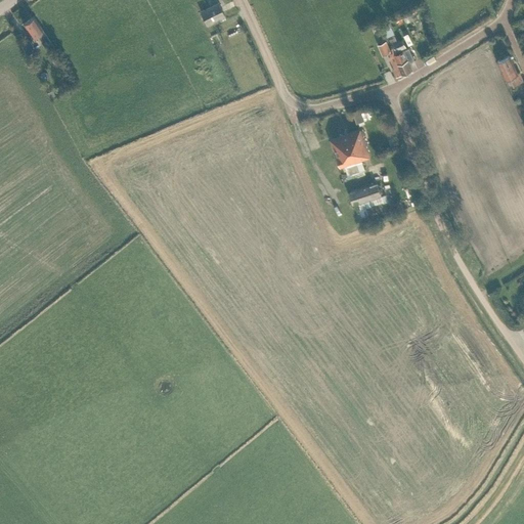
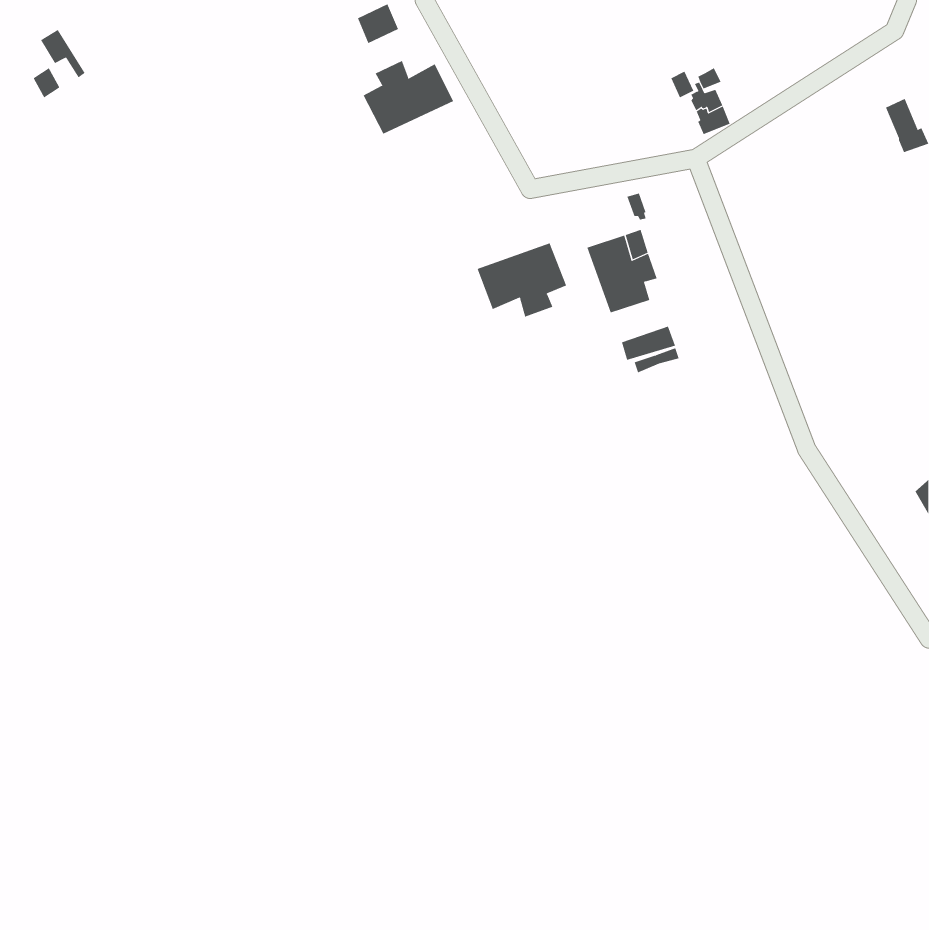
building: none -> [363,60,454,135]
building: none -> [477,243,567,317]

